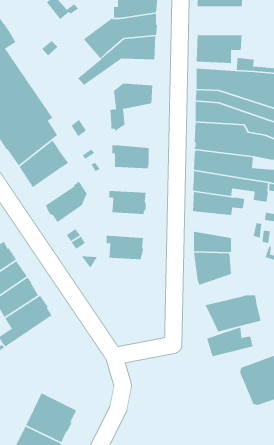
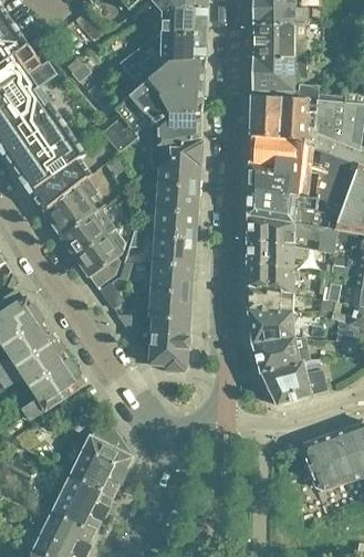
building: none -> [253,25,305,57]
building: none -> [102,86,204,153]
building: none -> [158,138,201,189]
building: none -> [149,212,196,241]
building: none -> [61,213,108,256]
building: none -> [248,264,301,294]
building: none -> [146,265,193,294]
building: none -> [147,318,189,374]
building: [206,327,254,357] -> [254,337,310,372]
building: none -> [71,419,133,496]

